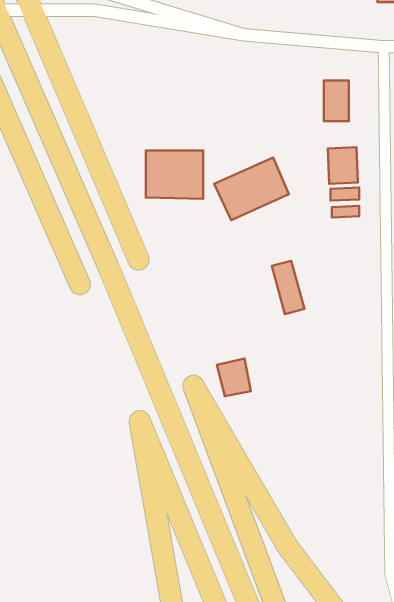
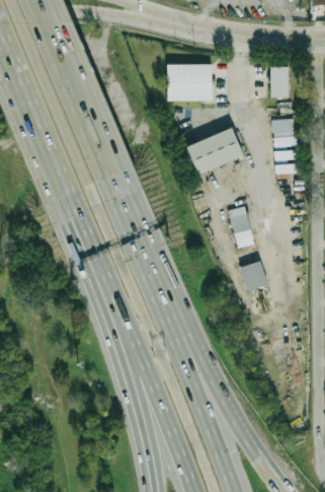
building: [146,151,203,199] -> [166,64,211,101]
building: [217,358,251,396] -> [241,262,267,291]

